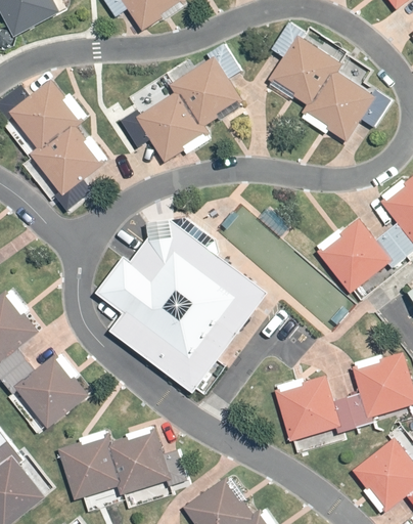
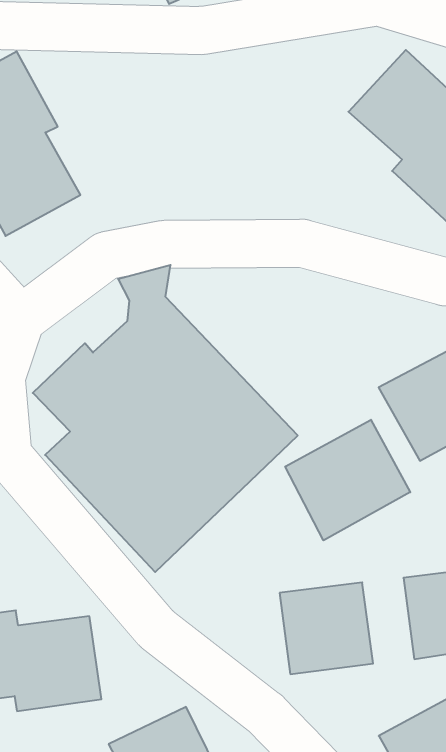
building: [134,58,240,165] -> none
building: none -> [285,420,410,540]

